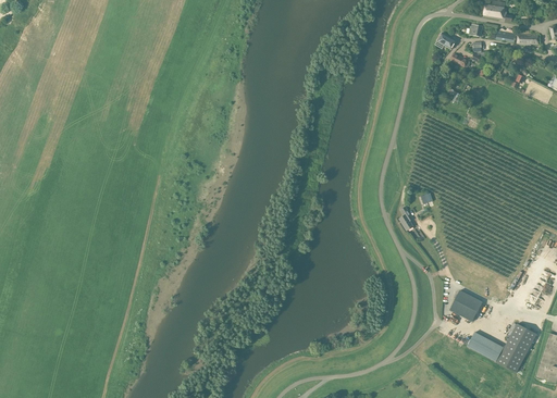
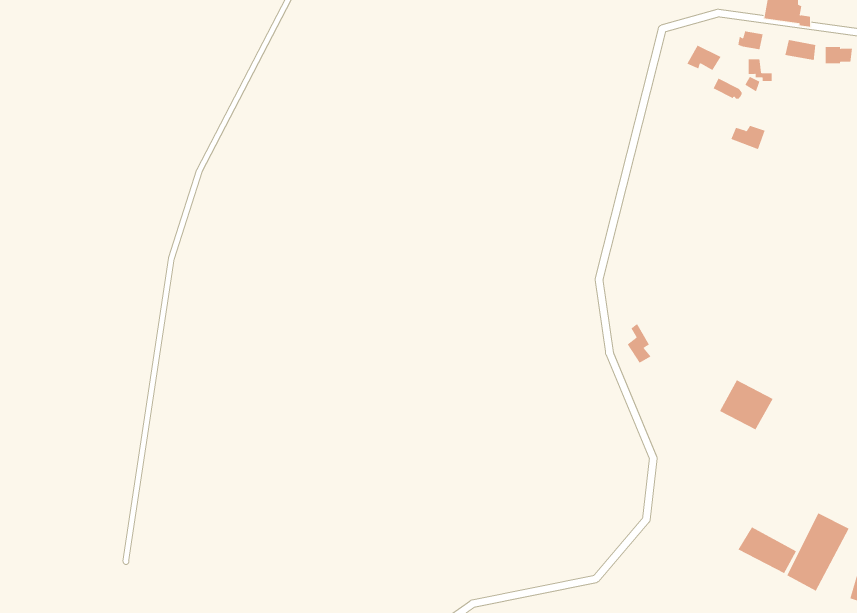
building: [450,289,484,321] -> [719,379,773,430]

